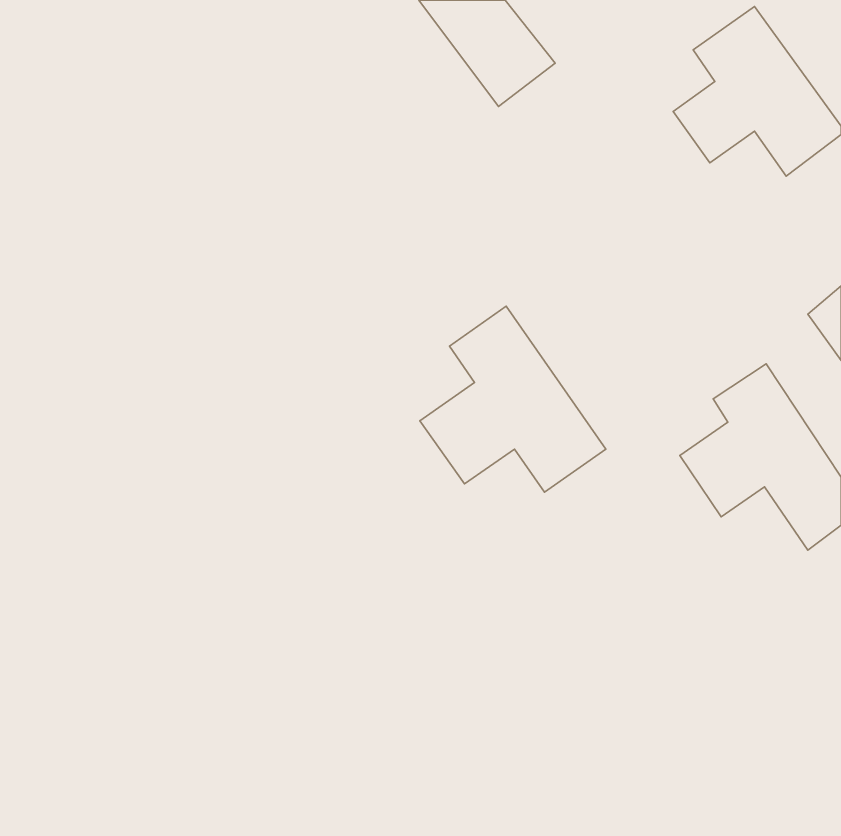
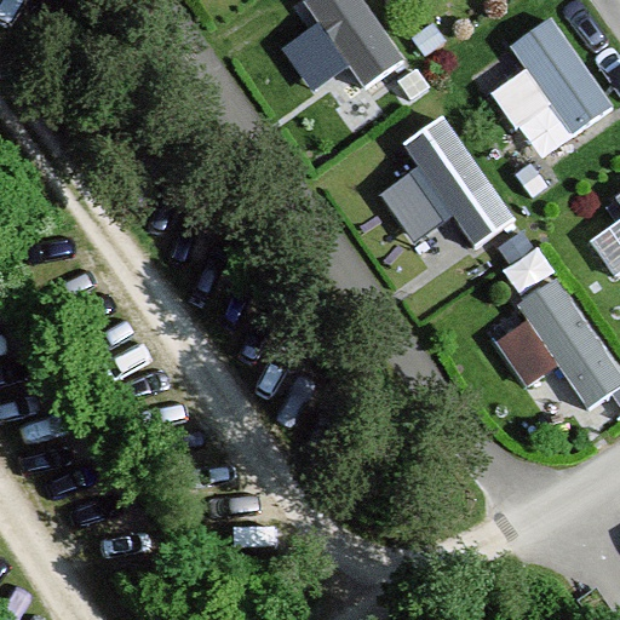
building: [420,306,606,492] -> [379,114,515,249]

